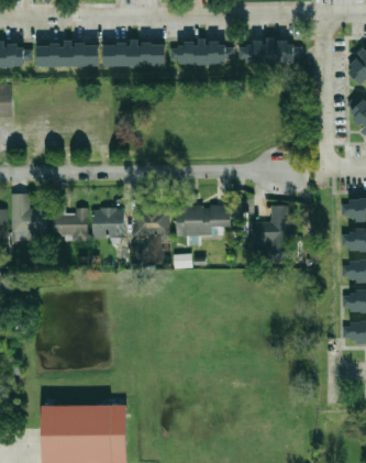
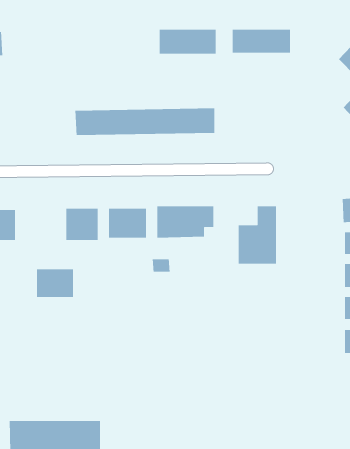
building: [37,42,168,68] -> [75,108,215,136]
building: [52,208,87,235] -> [36,268,74,298]

